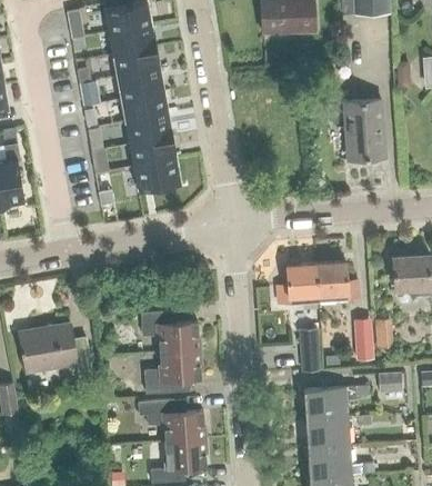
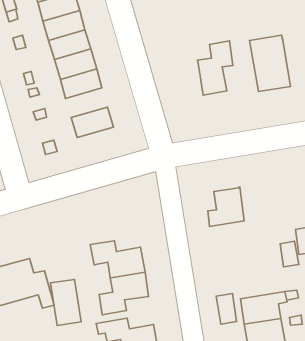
building: none -> [197,41,233,95]
building: [129,137,175,167] -> none
building: [315,264,359,304] -> none
building: [299,329,319,363] -> [216,294,236,324]
building: none -> [51,279,81,325]

